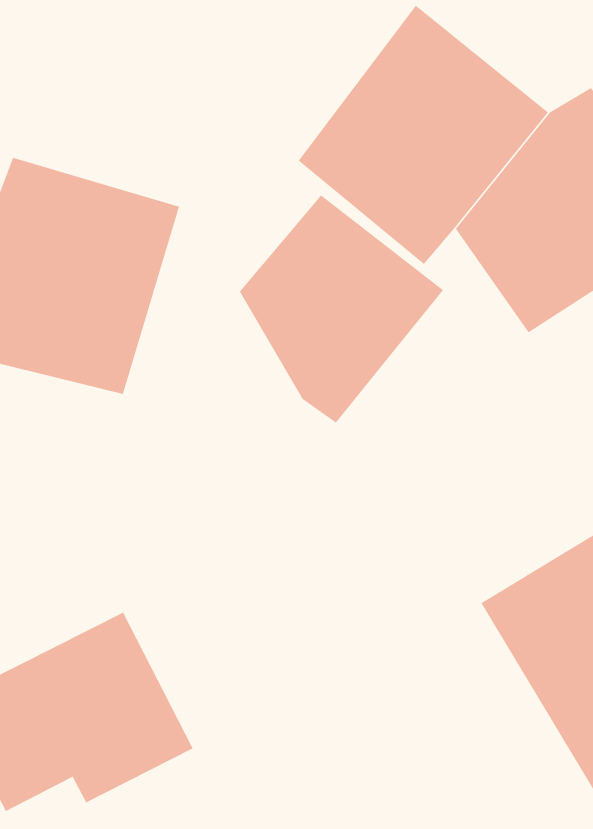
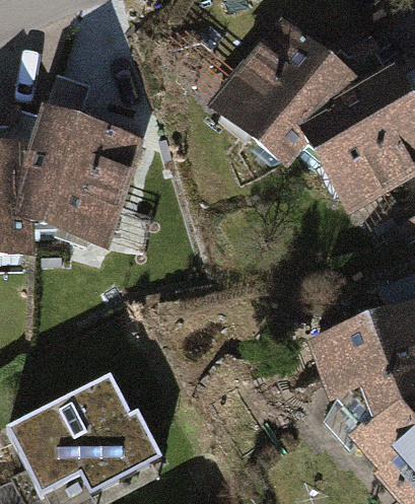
building: [239,194,444,424] -> none

